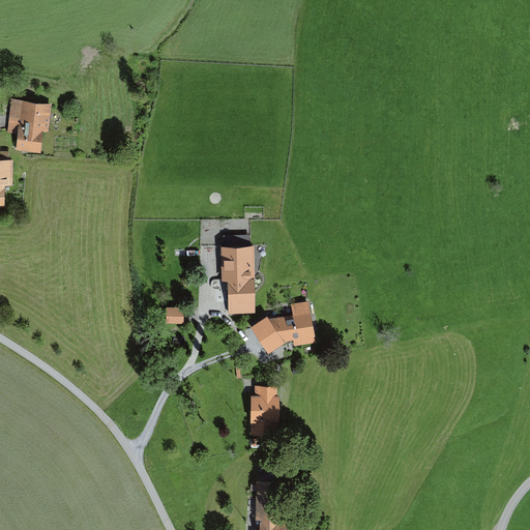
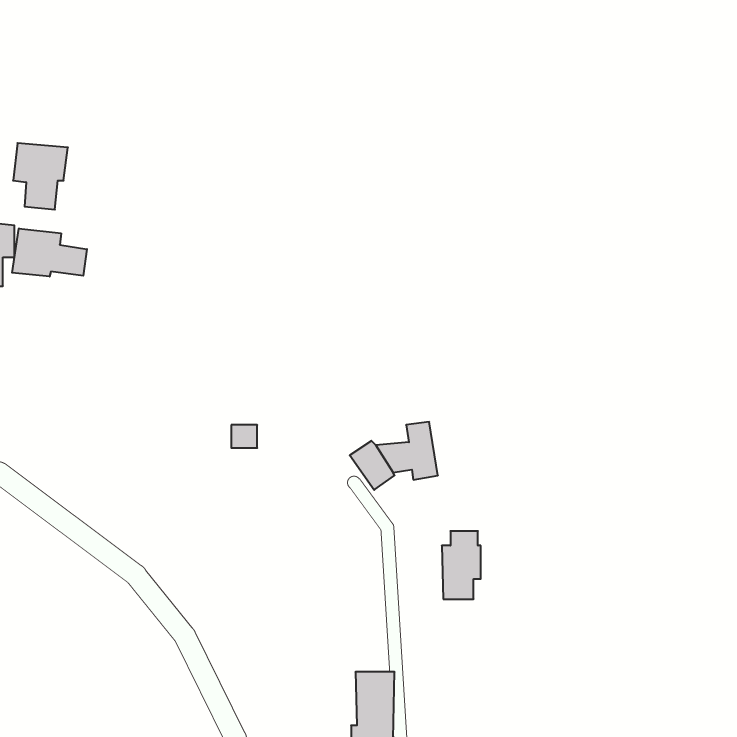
building: none -> [12,228,87,277]
building: [220,248,255,312] -> none
building: [248,386,276,435] -> [442,531,481,599]

